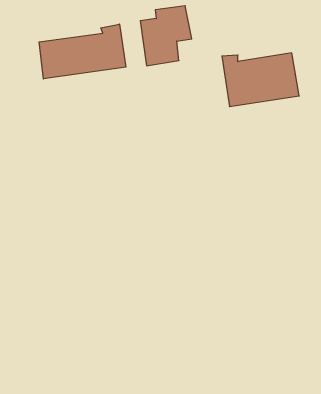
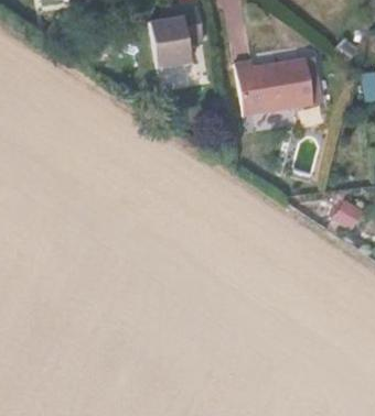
building: [39,24,126,79] -> none

